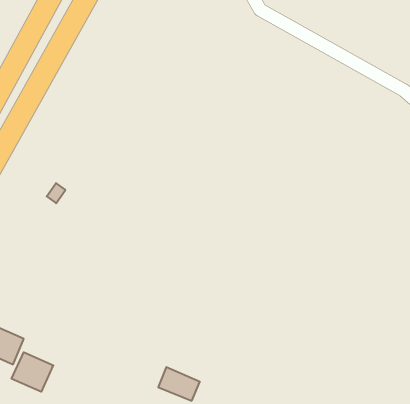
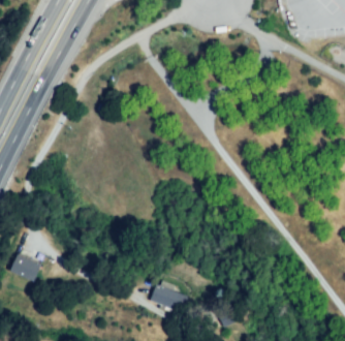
building: [12,352,53,392] -> none

